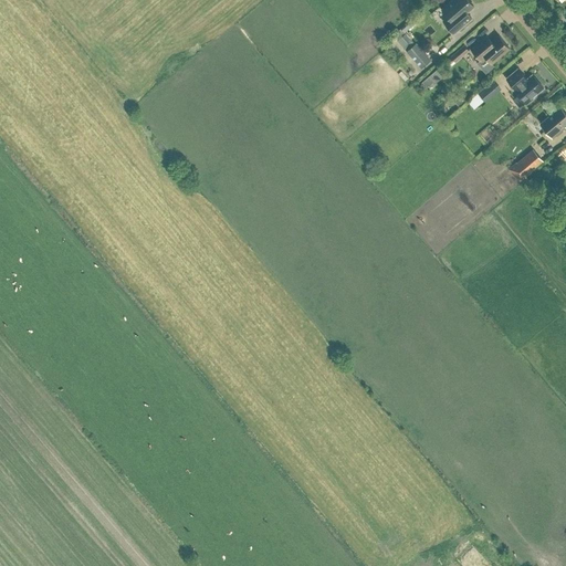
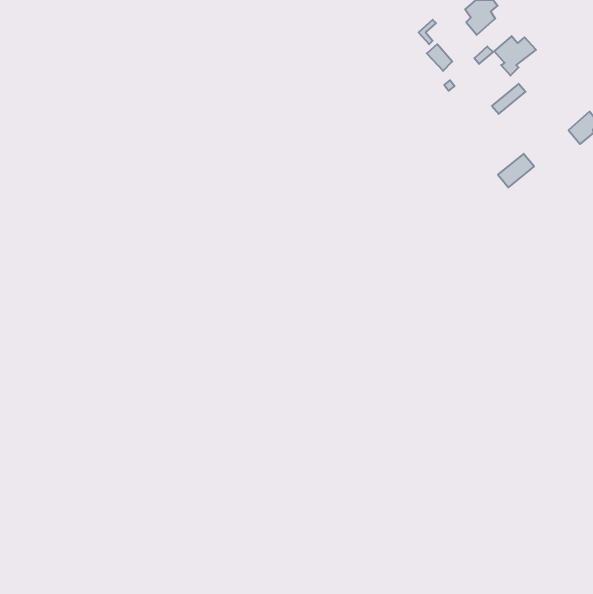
building: [507,67,545,106] -> none
building: [510,148,544,180] -> [498,154,534,187]

